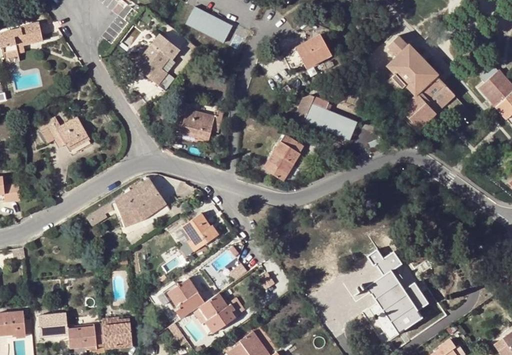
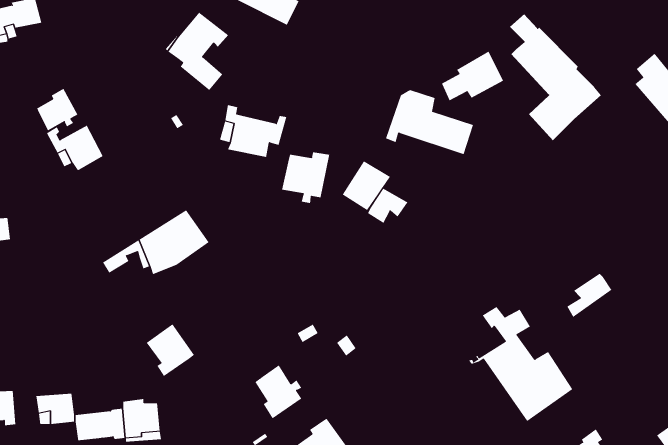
building: [284,32,330,69] -> [441,51,504,101]
building: none -> [36,88,78,131]
building: none -> [282,151,330,204]
building: none -> [367,188,408,224]
building: [182,214,217,250] -> none
building: none -> [566,273,612,318]
building: [167,279,203,318] -> [146,324,195,377]

